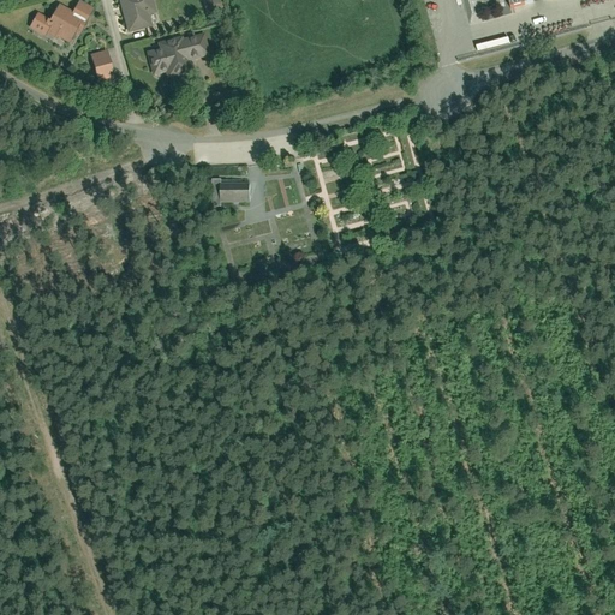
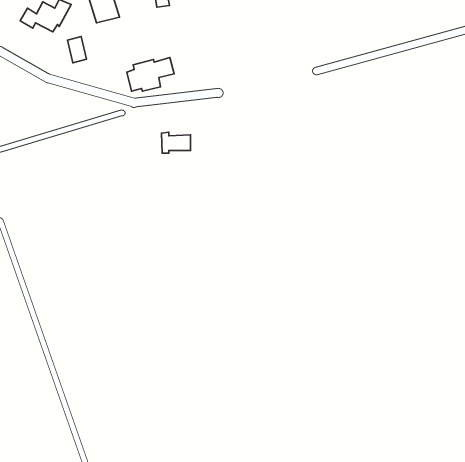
building: [148,31,210,76] -> [127,58,174,91]

